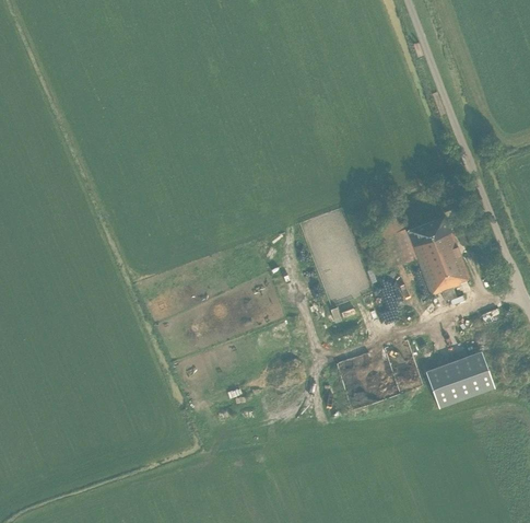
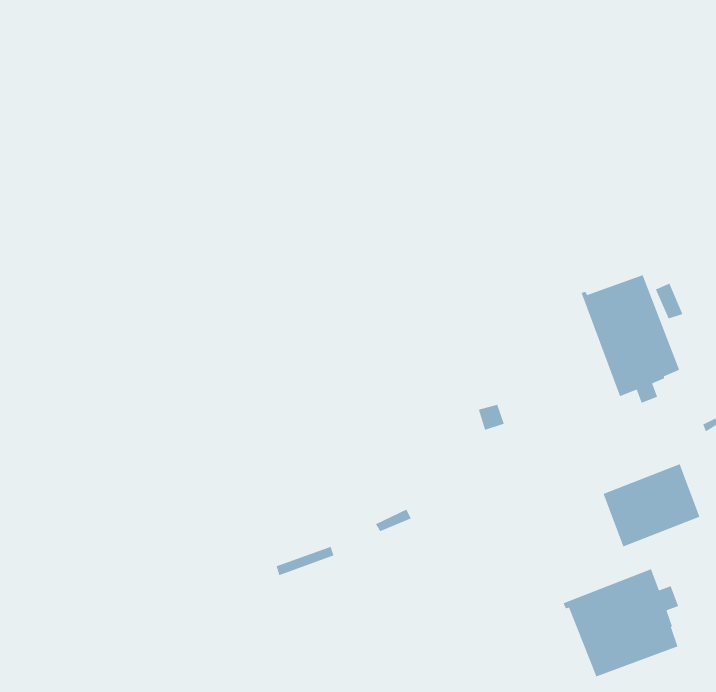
building: none -> [563,568,679,678]

